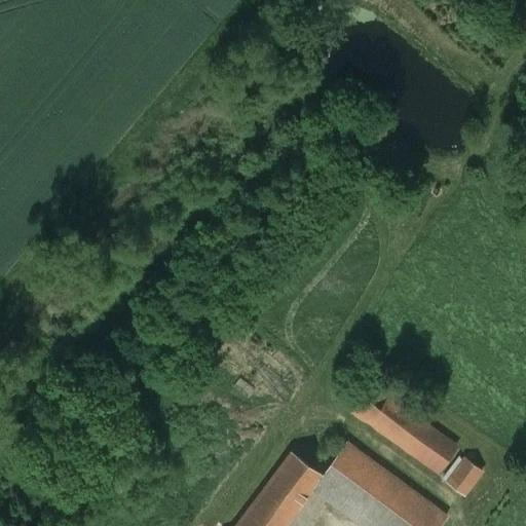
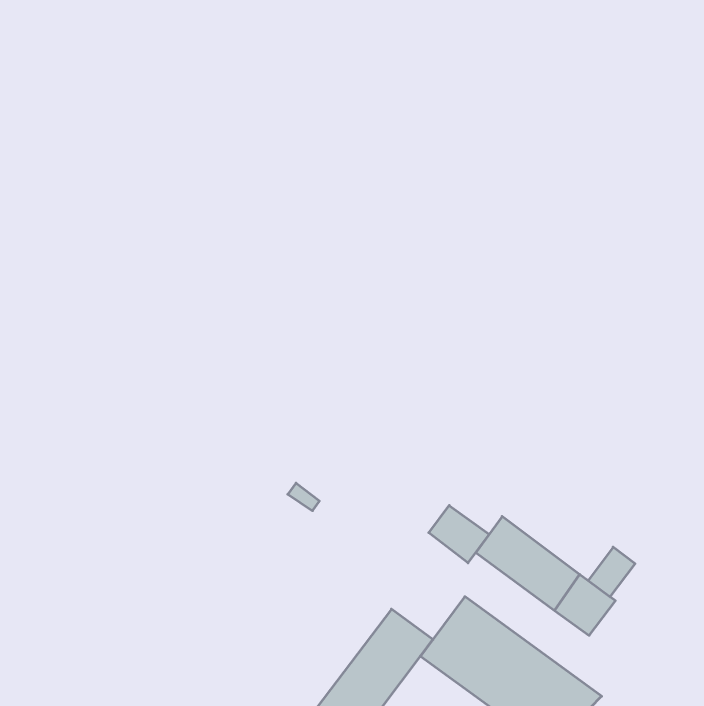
building: none -> [429,505,489,563]
building: [449,458,484,495] -> [588,547,635,597]

